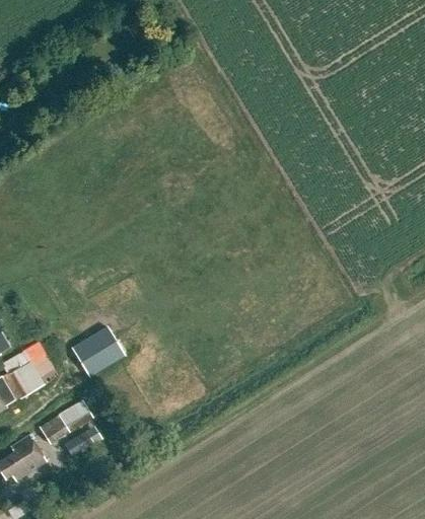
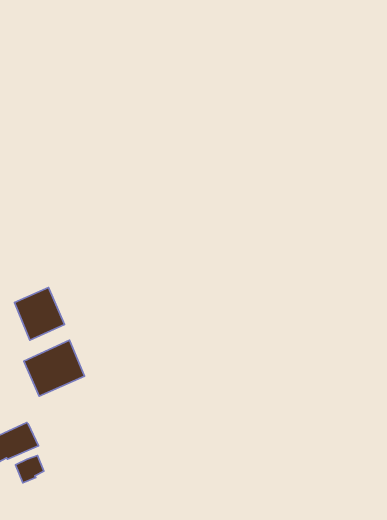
building: none -> [14,288,65,340]

